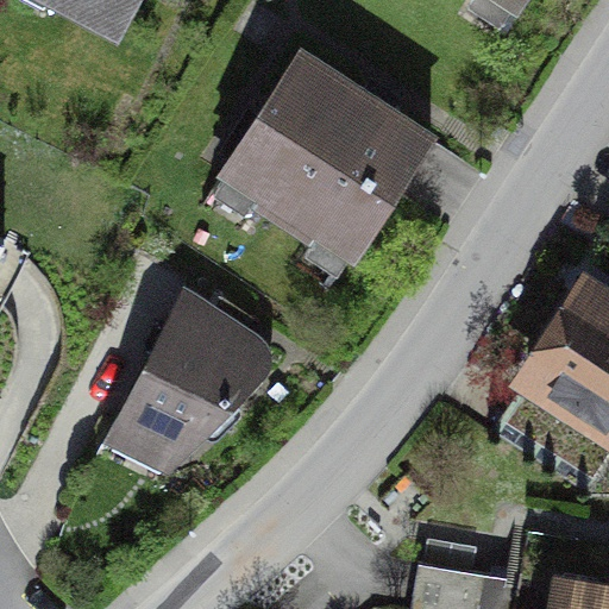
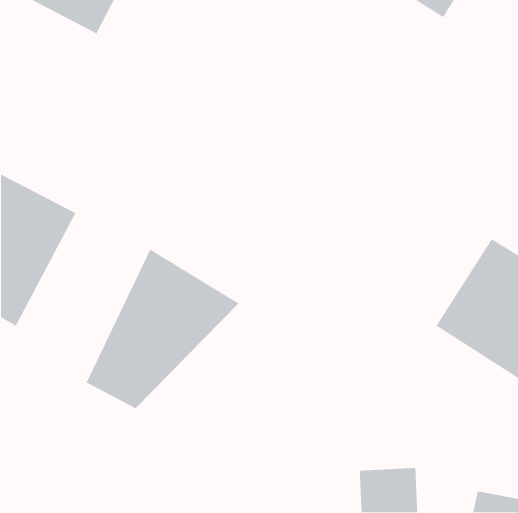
building: [216,56,439,275] -> none

